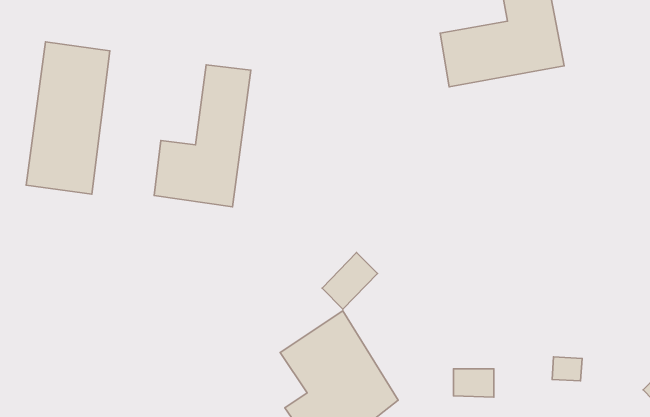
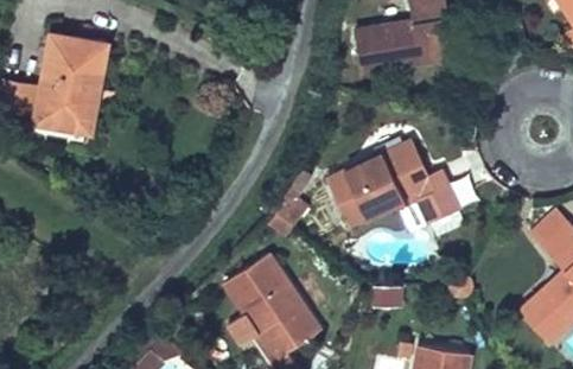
building: [154,65,251,207] -> none
building: none -> [332,135,467,235]

